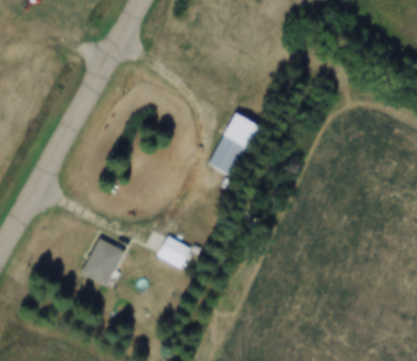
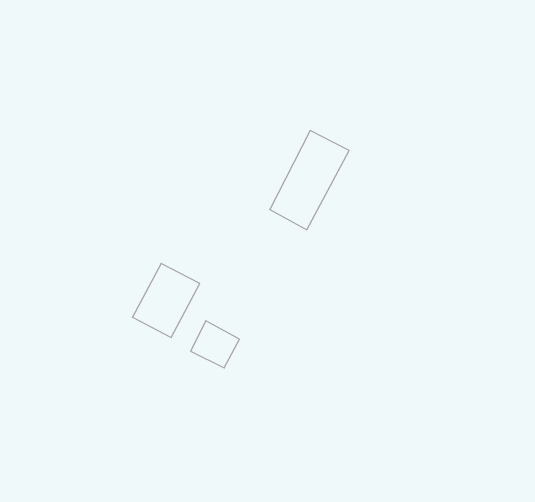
building: [80,238,124,286] -> [132,263,200,337]

